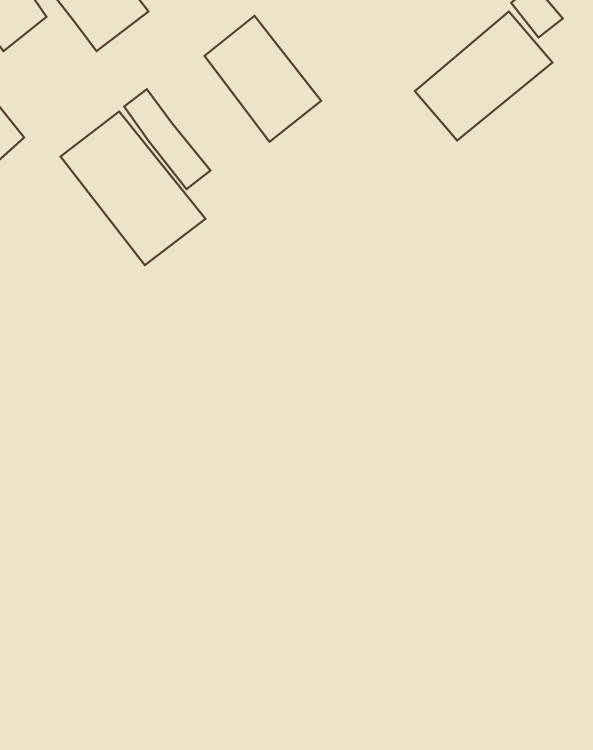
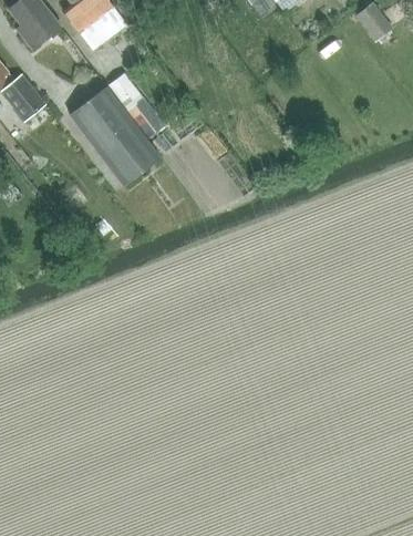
building: [415,11,553,140] -> none
building: [204,16,321,142] -> none

